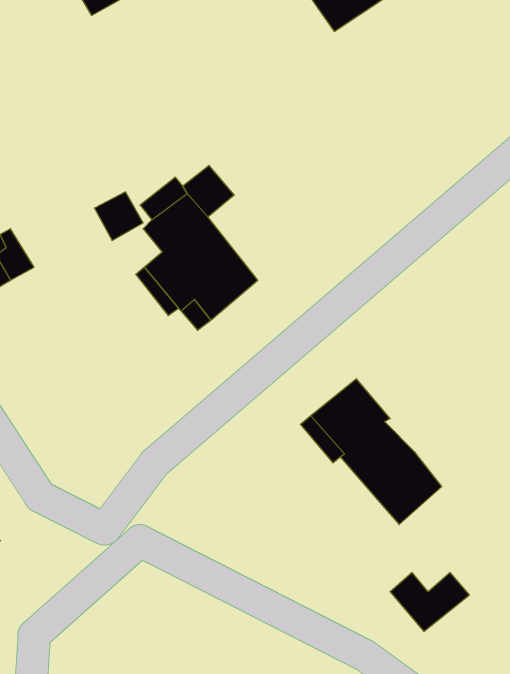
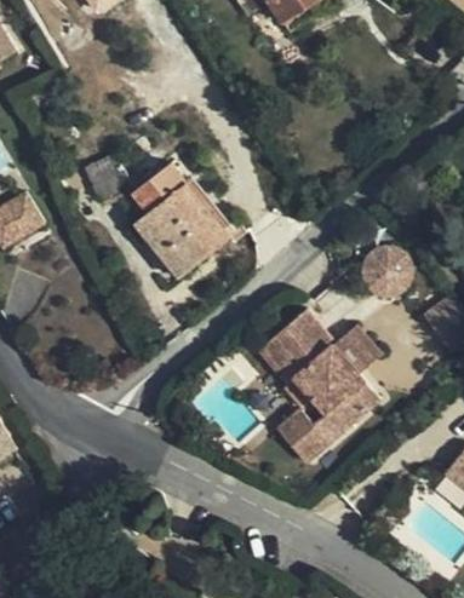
building: none -> [350,238,414,303]
building: none -> [330,328,379,375]
building: [390,573,469,631] -> [276,416,342,465]

